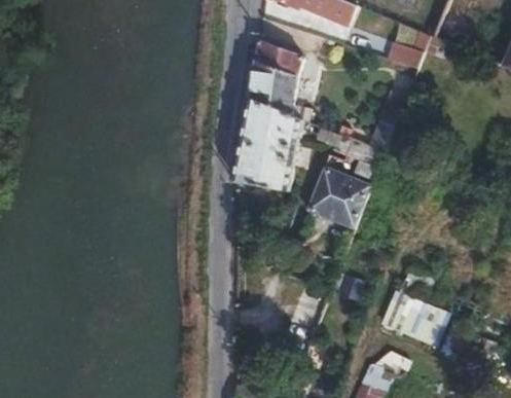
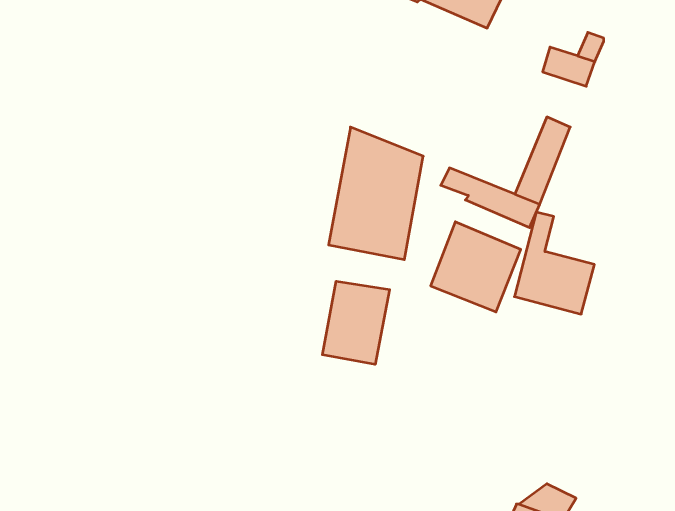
building: [250,40,311,121] -> none
building: none -> [322,281,390,364]
building: [389,272,445,343] -> [514,212,594,314]

